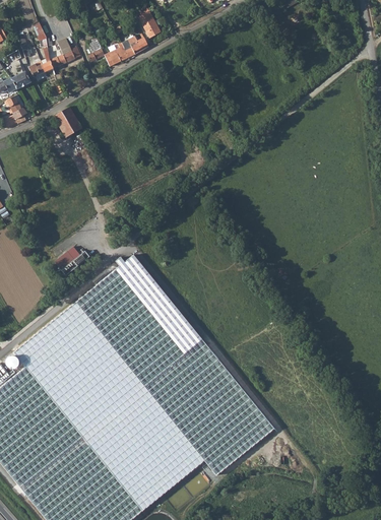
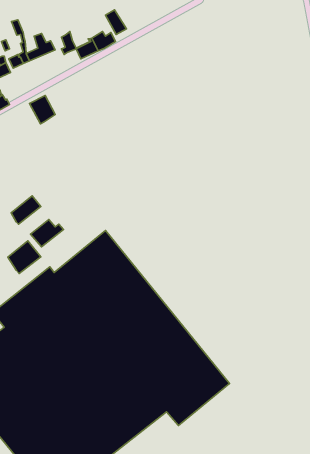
building: none -> [11,196,41,224]
building: none -> [8,241,41,274]

